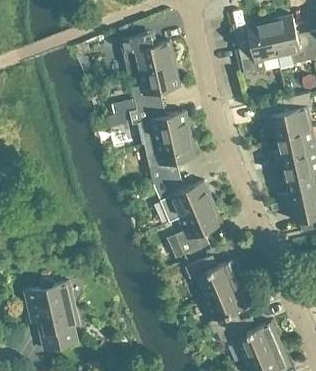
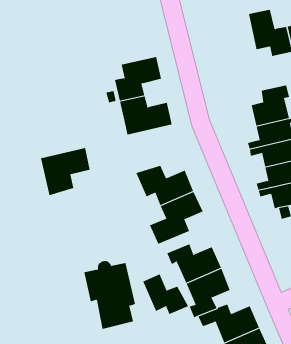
building: [238,21,279,76] -> none
building: [120,32,175,75] -> none
building: [144,135,196,185] -> [40,147,91,196]
building: [25,280,79,351] -> [83,261,136,329]
building: none -> [143,274,189,315]

